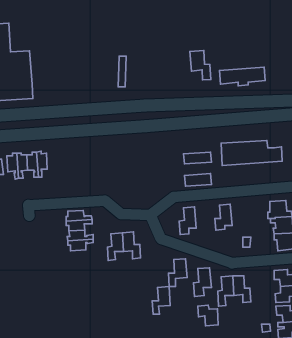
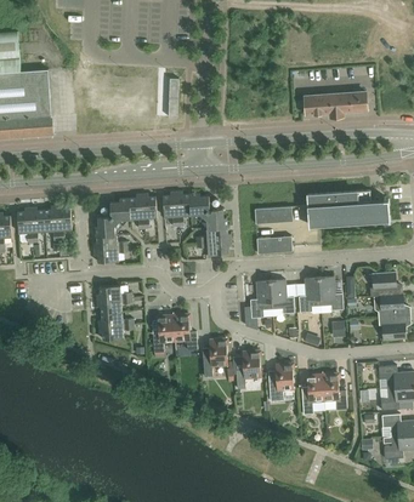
building: [190,51,211,80] -> none
building: none -> [161,192,231,255]
building: none -> [92,194,155,262]
building: none -> [318,276,342,313]
building: none -> [270,279,294,313]
building: [152,287,170,314] -> [202,338,226,376]
building: [198,305,218,326] -> none

